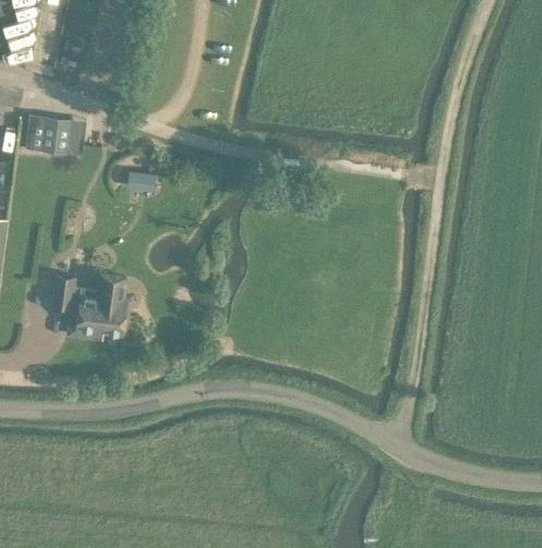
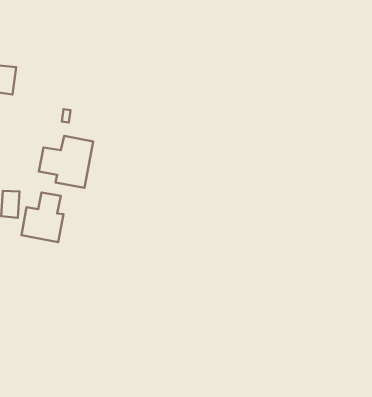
building: none -> [39,136,93,188]

